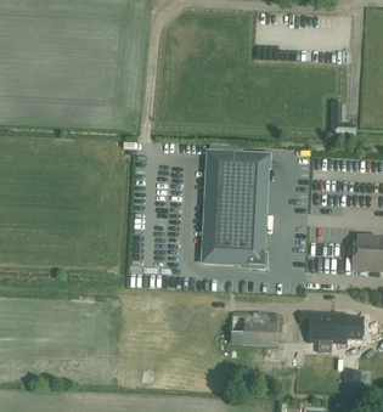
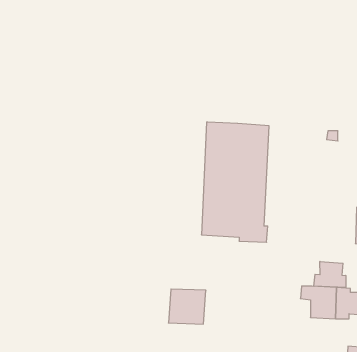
building: none -> [314,261,346,288]
building: [241,310,277,344] -> [168,289,206,324]

